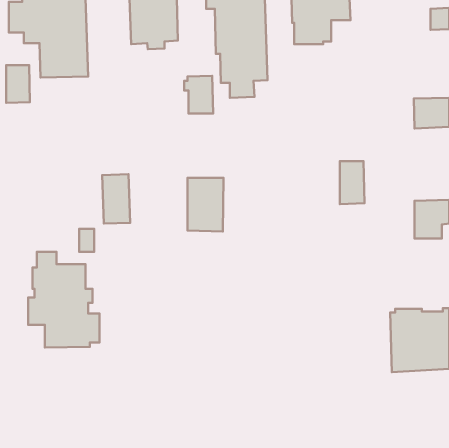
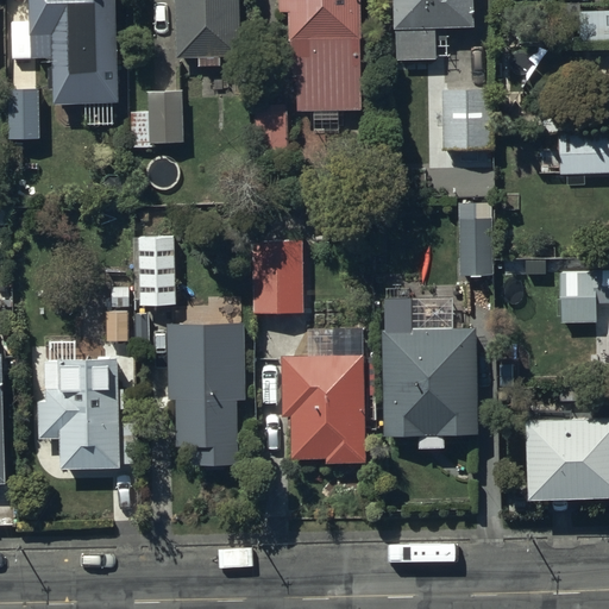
building: none -> [441,87,491,152]
building: none -> [131,89,183,147]
building: none -> [382,294,478,448]
building: none -> [168,324,246,466]
building: none -> [283,328,365,464]

